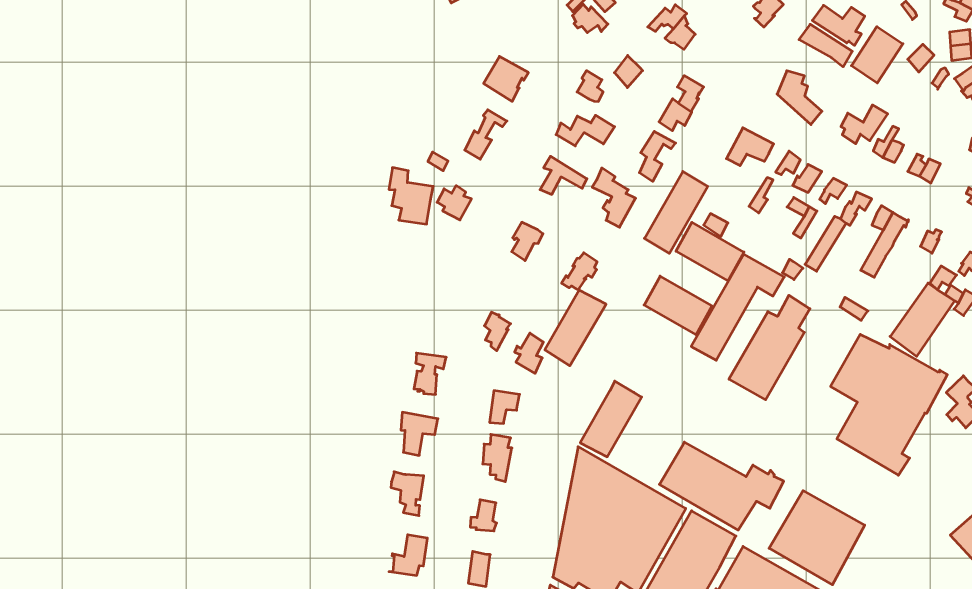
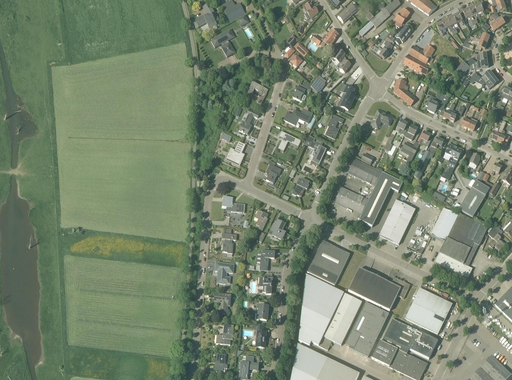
building: [851,27,903,83] -> none
building: [389,168,433,224] -> [223,196,245,223]
building: [644,171,708,253] -> none
building: [545,290,606,366] -> [321,247,350,285]

